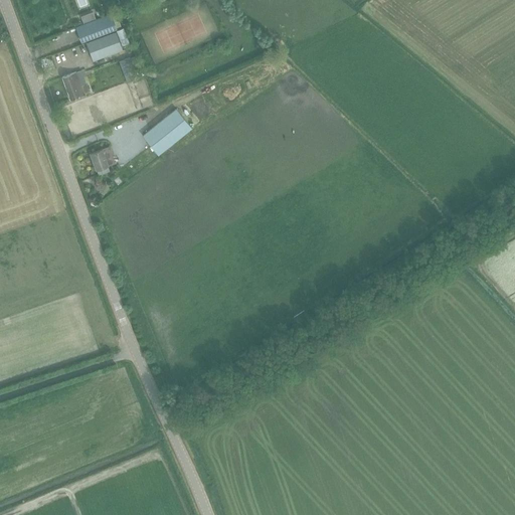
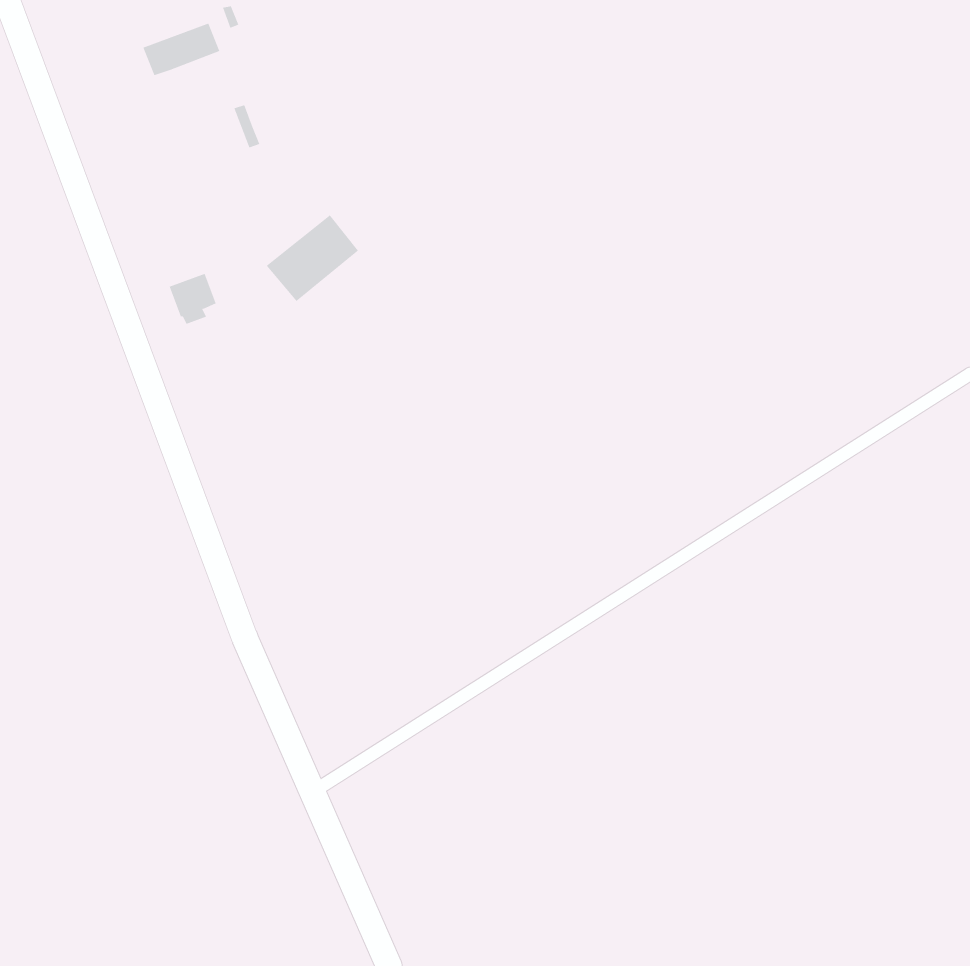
building: [85,29,122,58] -> none
building: [62,70,89,98] -> none

